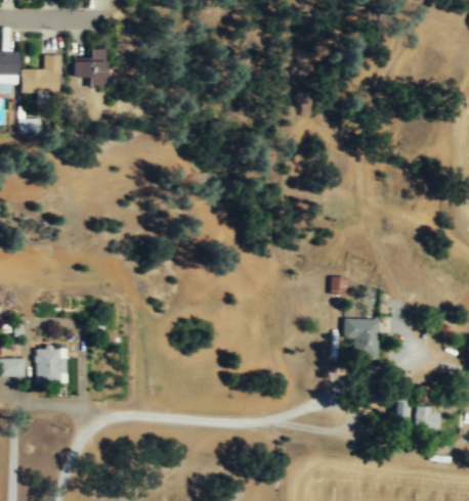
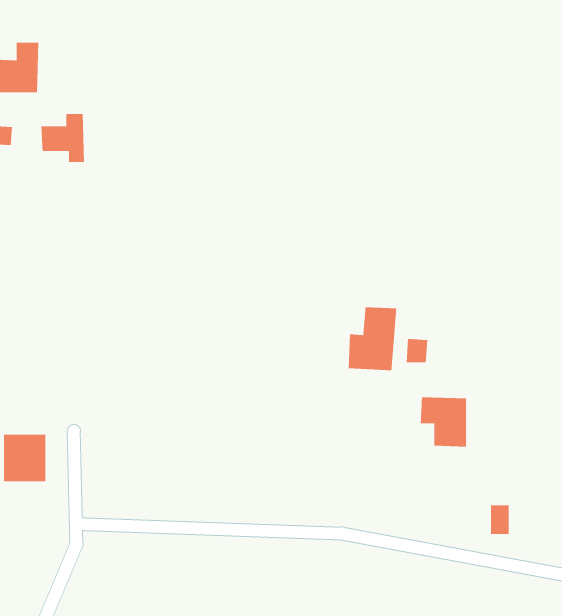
building: [73,49,105,86] -> [41,113,85,163]
building: none -> [348,306,397,371]
building: [416,405,438,428] -> none

